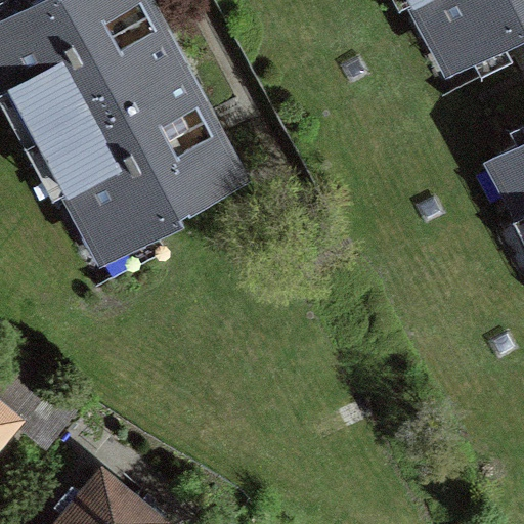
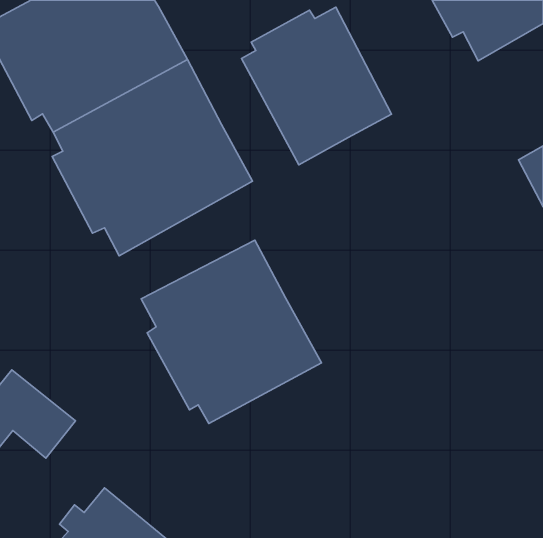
building: none -> [242,7,392,165]
building: none -> [141,240,321,424]

